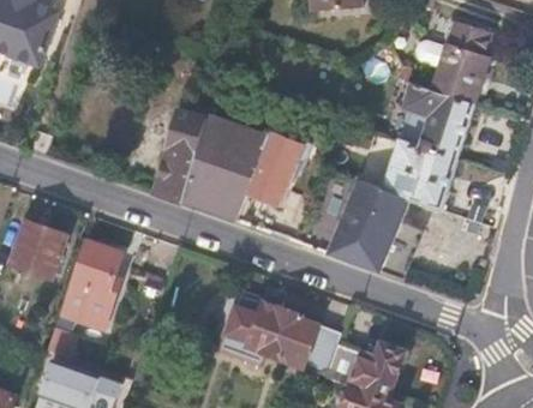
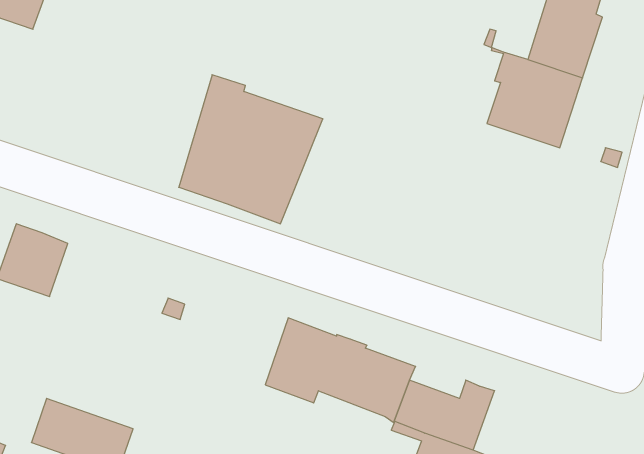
building: [235,131,305,222] -> none
building: [327,140,456,280] -> none
building: [47,239,122,356] -> none

